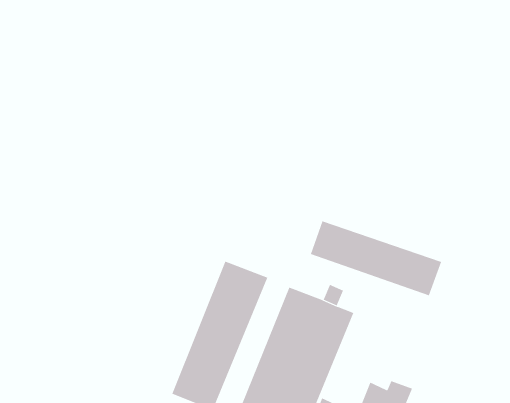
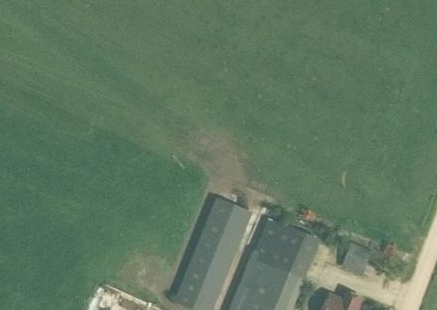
building: [310,220,442,296] -> none
building: none -> [341,243,370,273]

